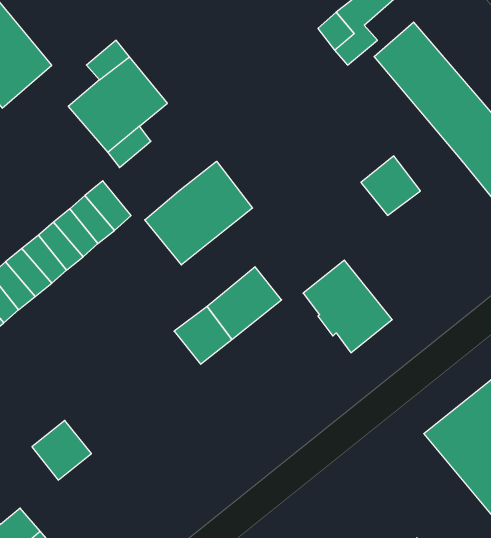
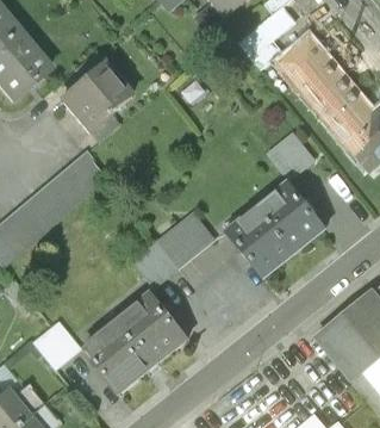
building: [145,161,253,265] -> none
building: none -> [258,185,324,253]
building: none -> [83,297,187,396]

